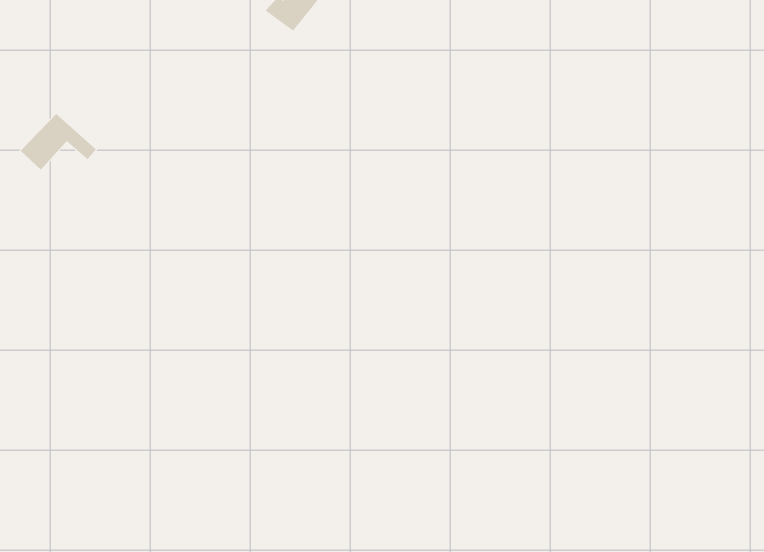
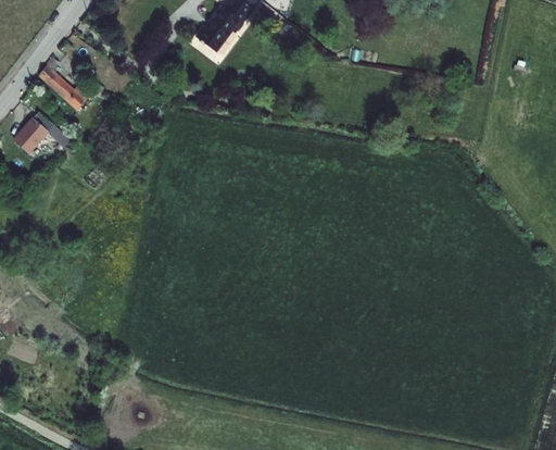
building: none -> [40,60,90,112]

